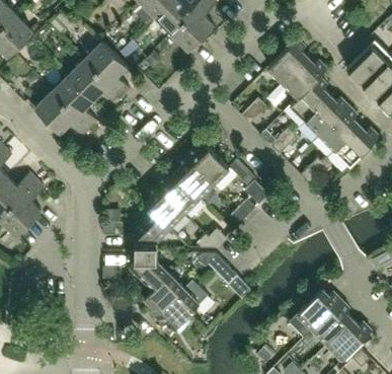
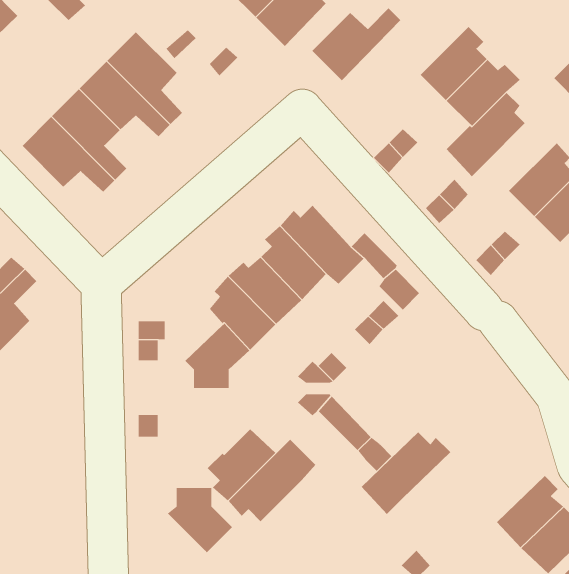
building: none -> [312,8,401,81]
building: [306,95,348,135] -> none
building: [131,250,169,289] -> [167,487,233,553]
building: [289,289,341,338] -> [361,432,451,515]

